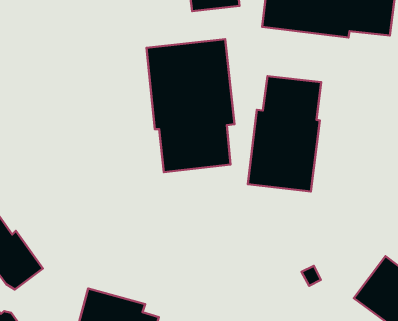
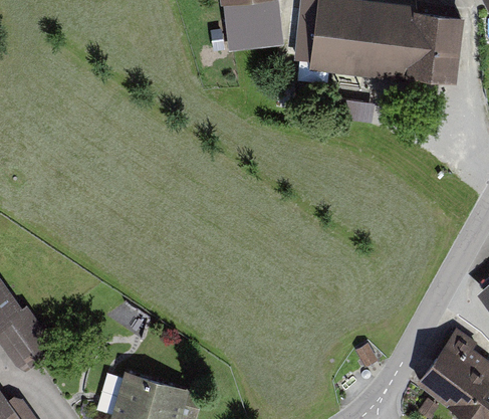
building: [146,39,234,172] -> none
building: [248,76,321,192] -> none

